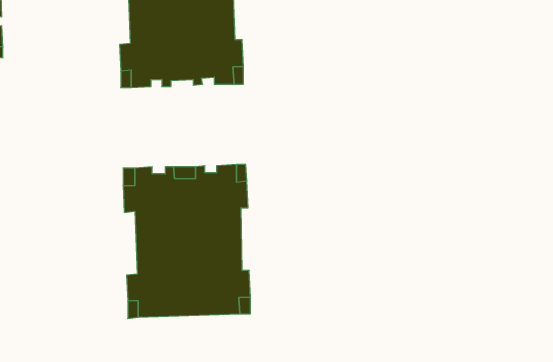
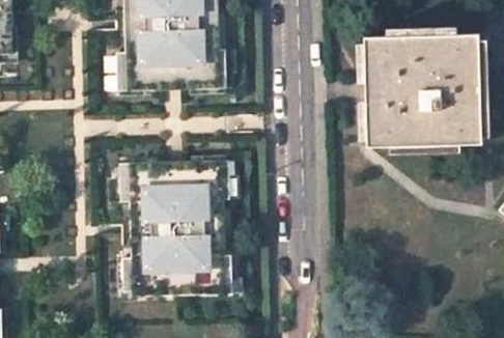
building: none -> [365,33,481,145]

